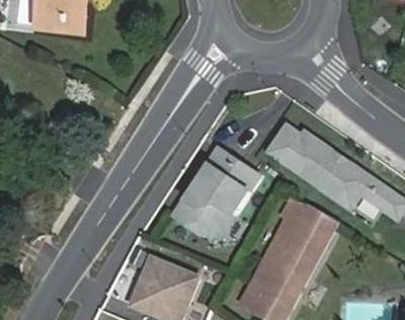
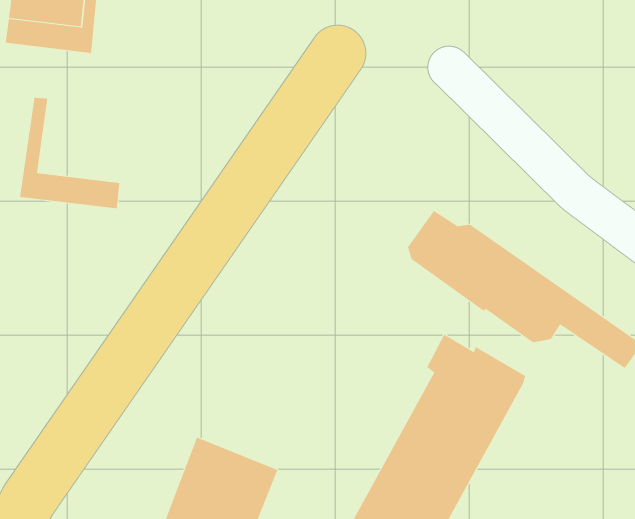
building: none -> [19,97,120,209]
building: [173,147,258,232] -> none

